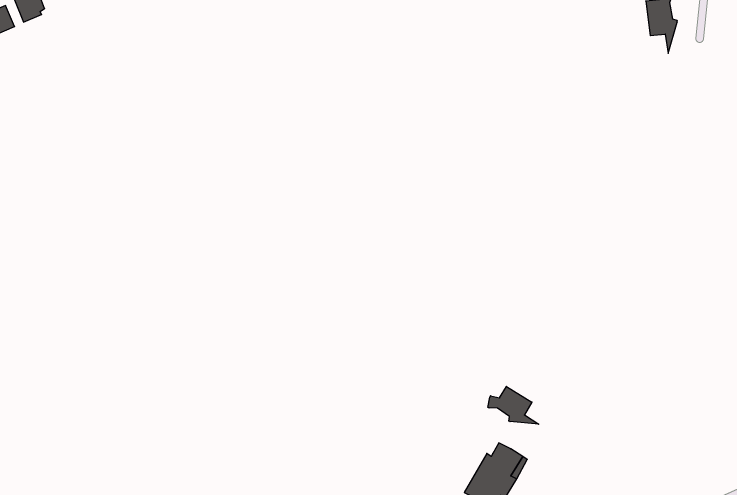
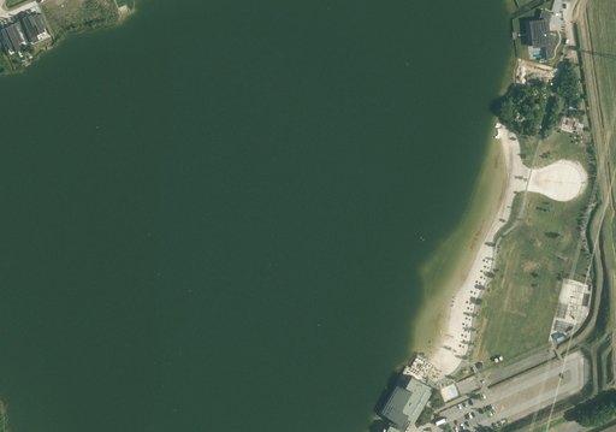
building: [488,386,539,424] -> none

